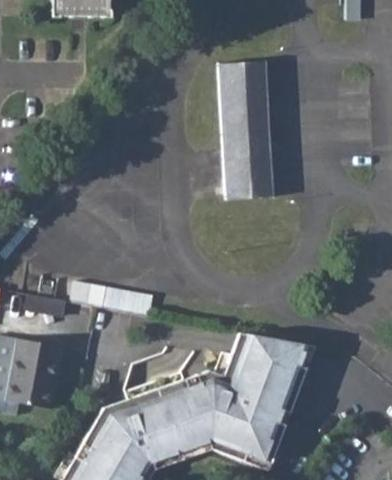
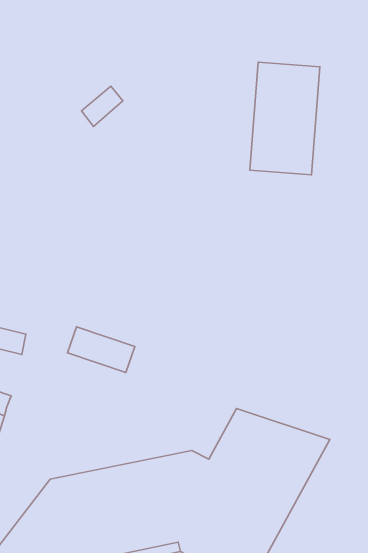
building: [223,145,274,200] -> none

